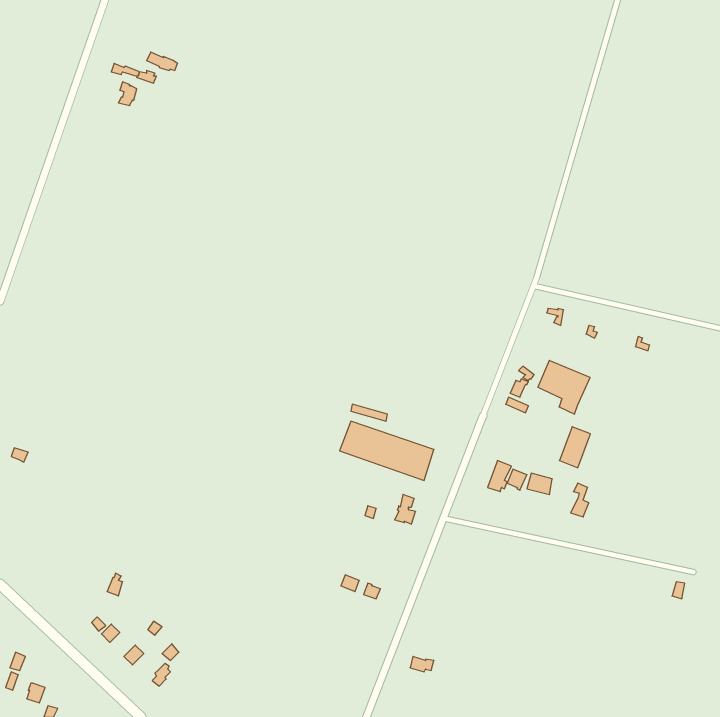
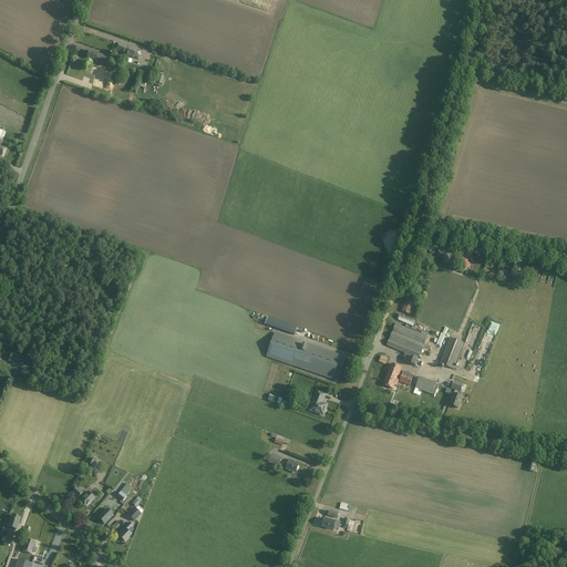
building: [538,360,590,414] -> [386,322,427,364]

